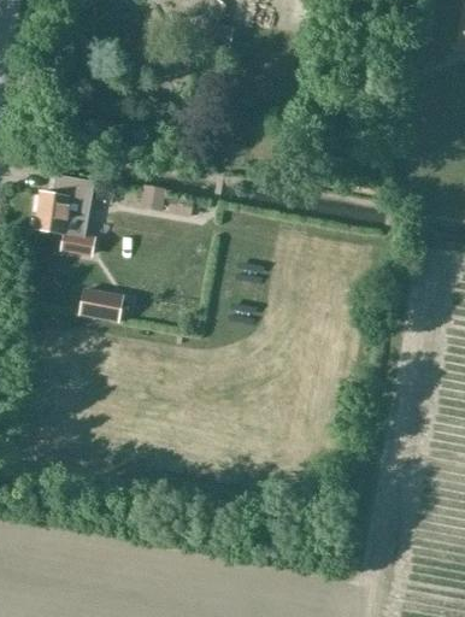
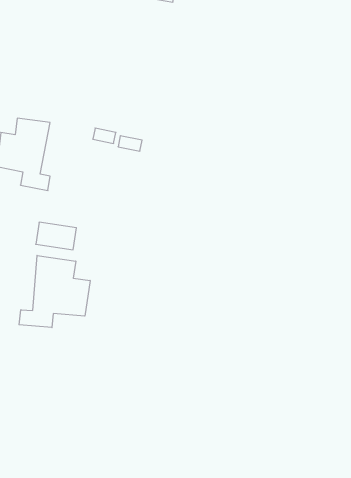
building: none -> [19,255,90,328]

